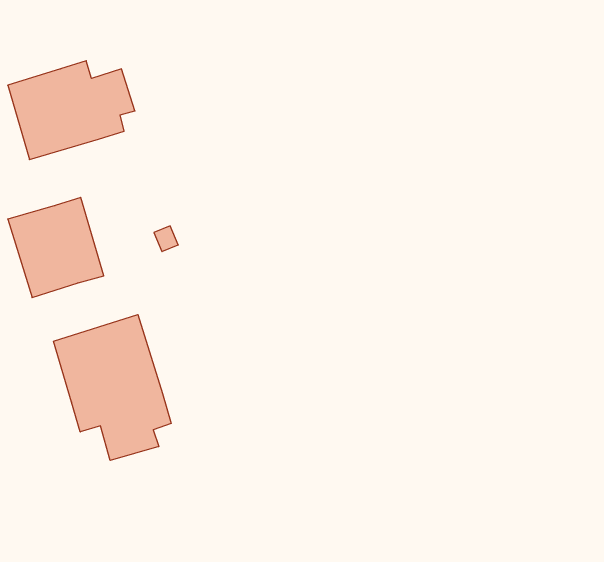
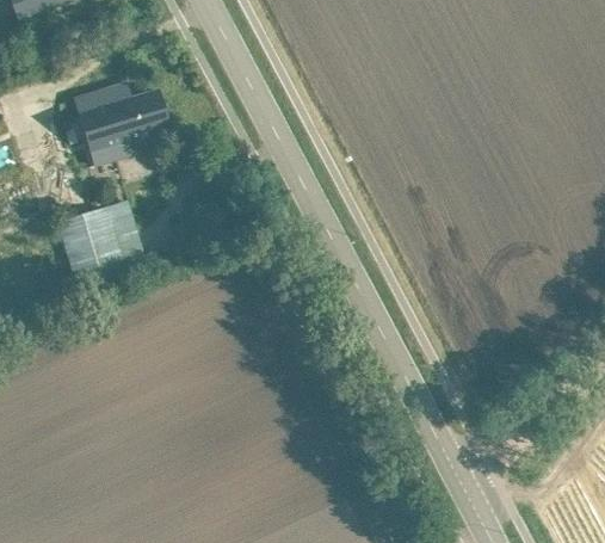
building: [53,315,171,460] -> none

